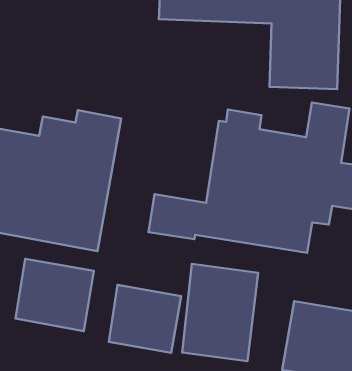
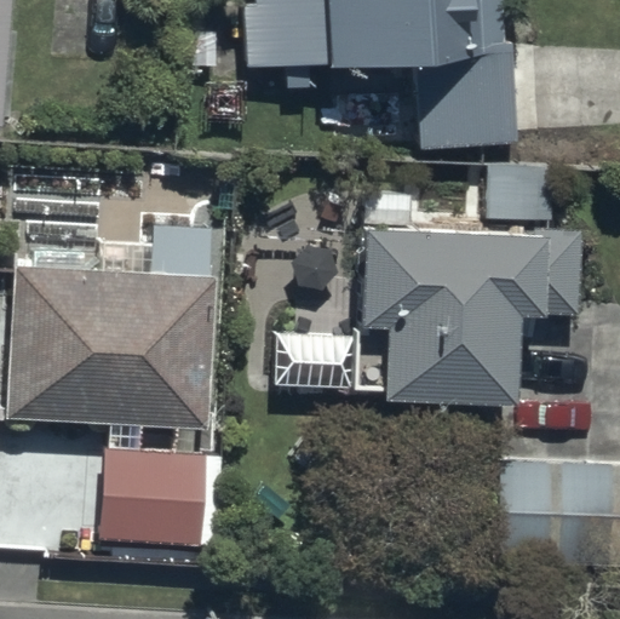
building: [182,264,258,361] -> none
building: [109,285,181,353] -> none

